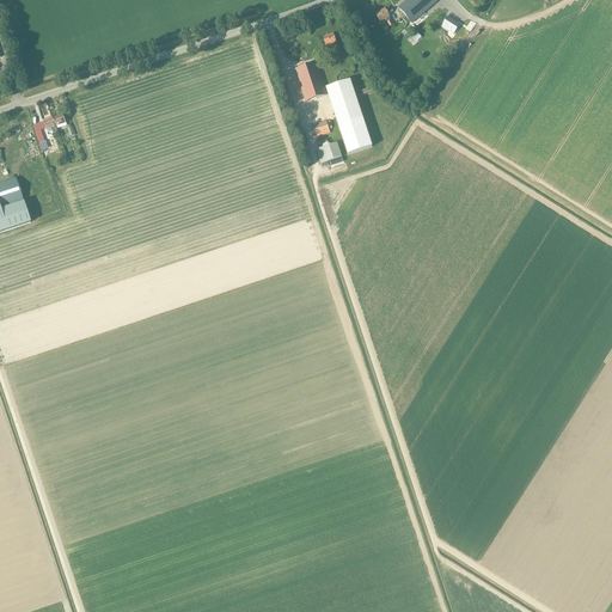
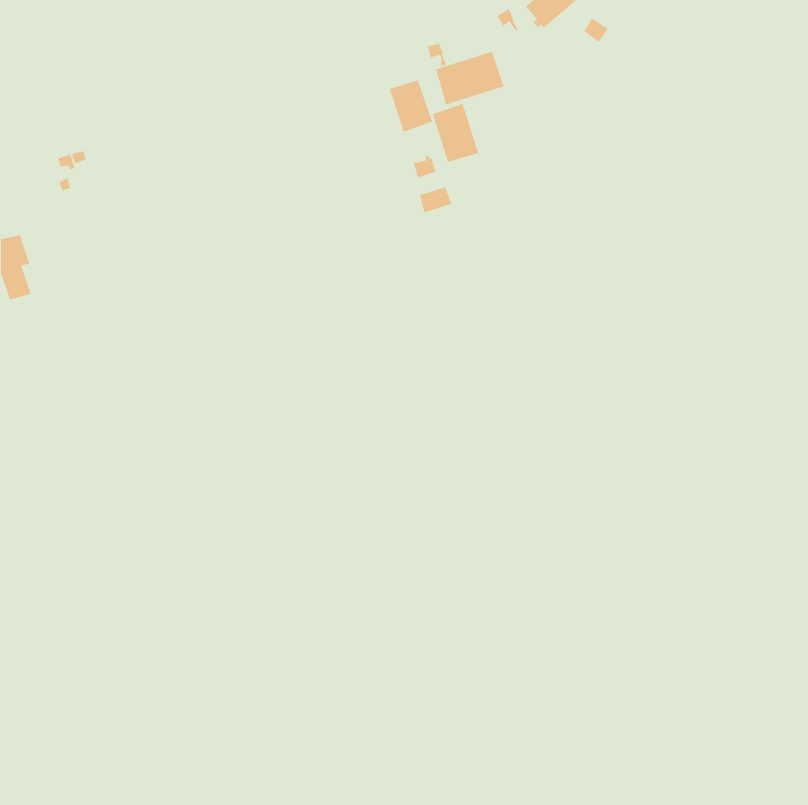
building: none -> [435,51,504,106]
building: [338,116,372,152] -> none

